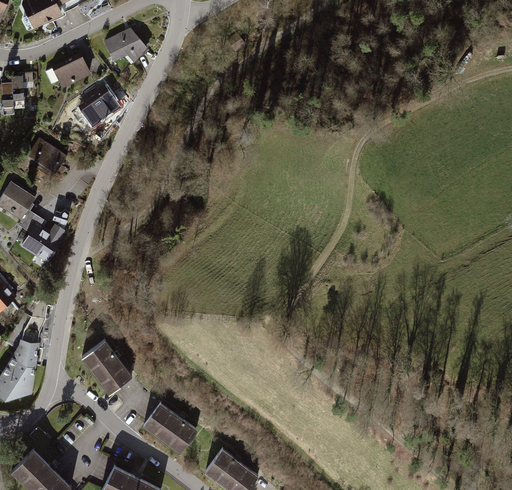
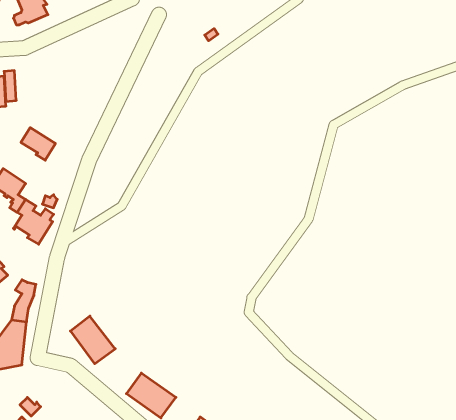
building: [104,30,148,64] -> none
building: [42,57,88,88] -> none
building: [80,91,118,127] -> none

